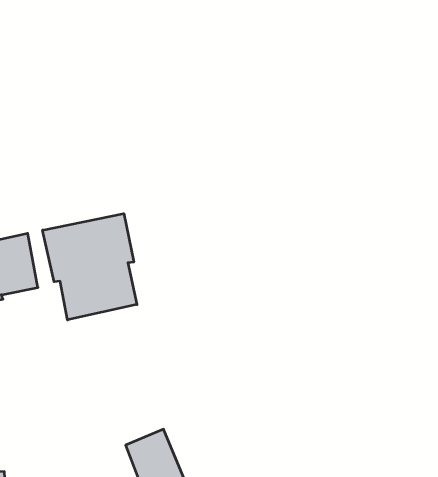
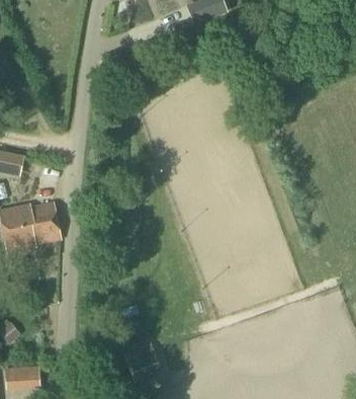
building: [43,214,137,320] -> none

